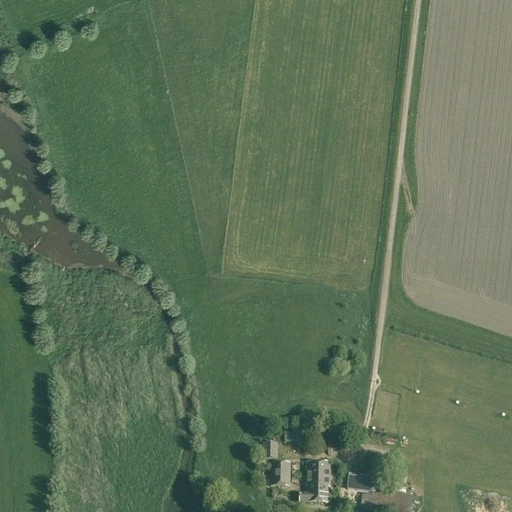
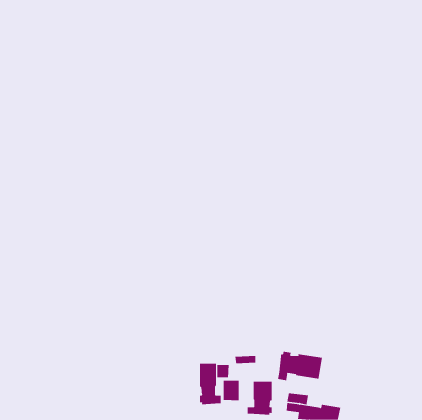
building: none -> [278,351,322,381]
building: none -> [199,363,221,405]

